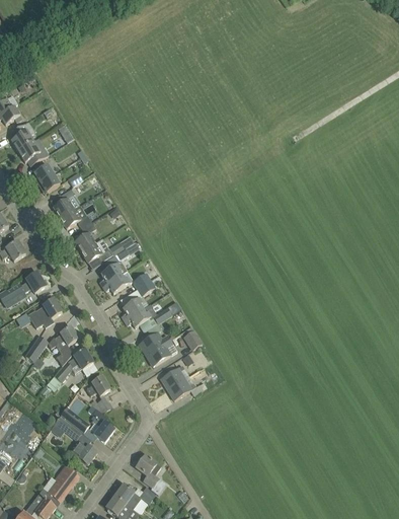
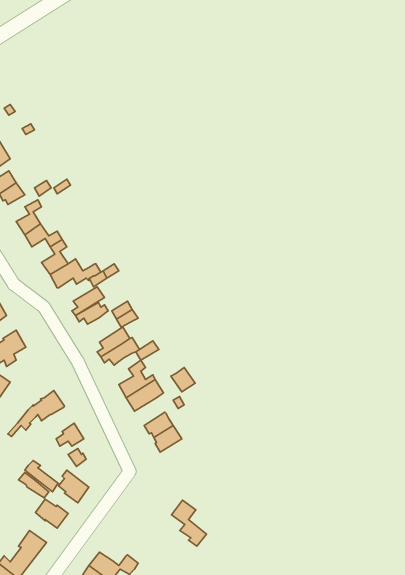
building: [48,325,78,364] -> none
building: [136,454,165,493] -> [172,500,207,546]

